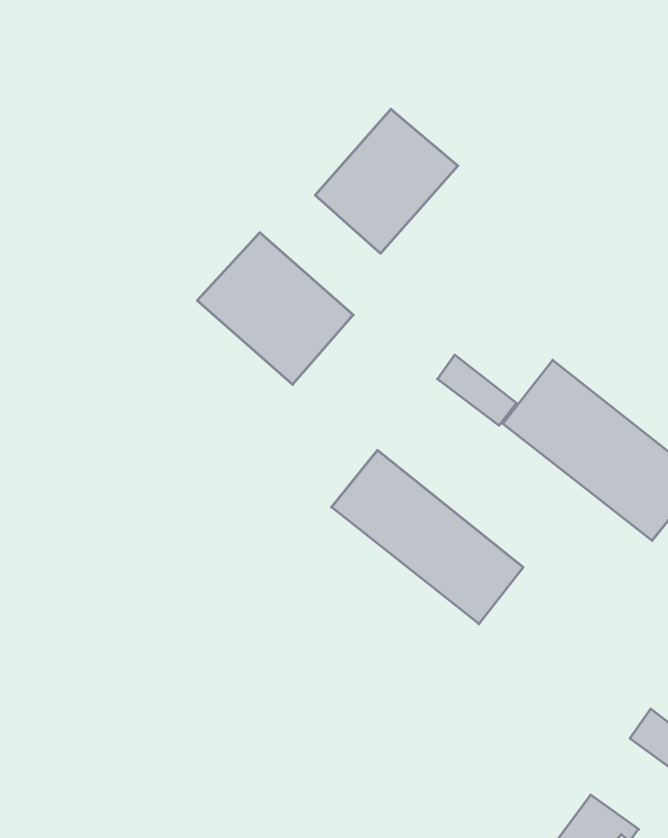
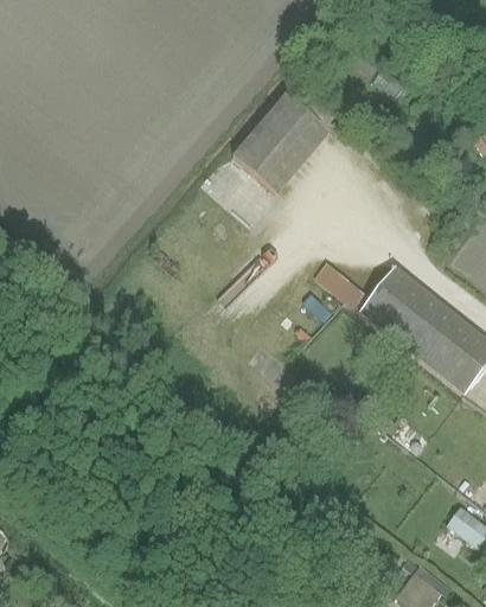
building: [197,233,353,385] -> none
building: [331,450,523,624] -> none

